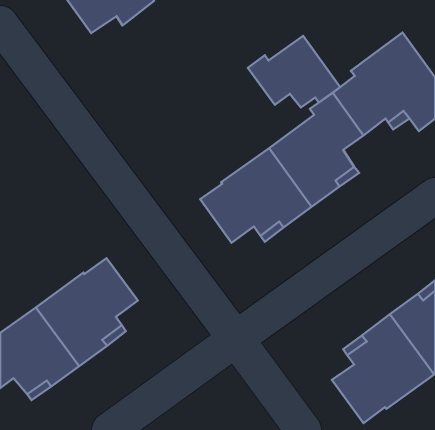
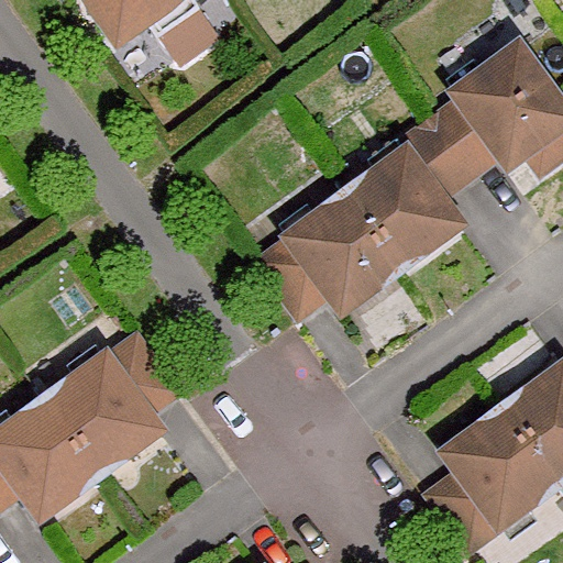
building: [248,36,340,108] -> none

